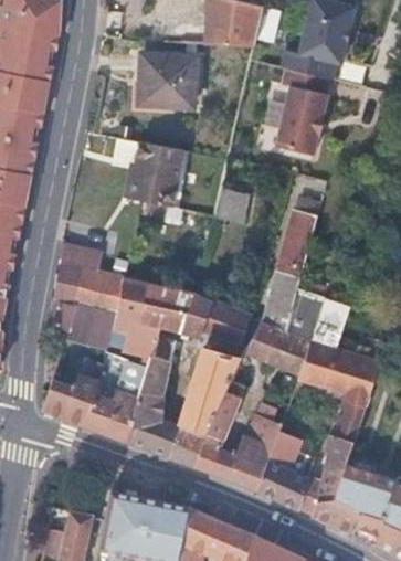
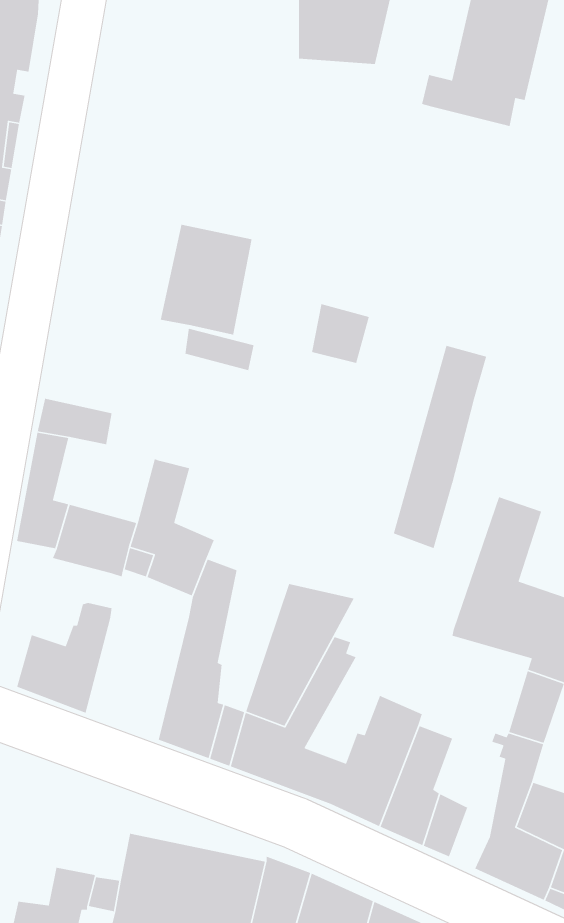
building: [141,53,201,107] -> none
building: [274,71,329,156] -> none
building: [66,264,125,314] -> none
building: [137,282,252,340] -> none
building: [245,290,326,375] -> none
building: [85,362,145,441] -> none

